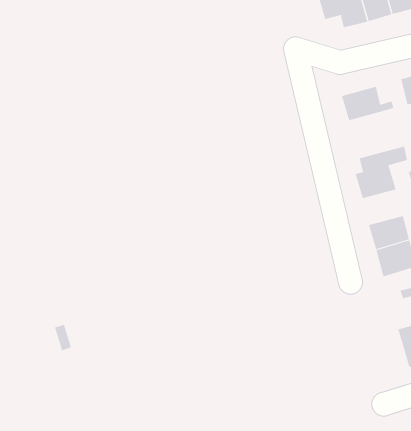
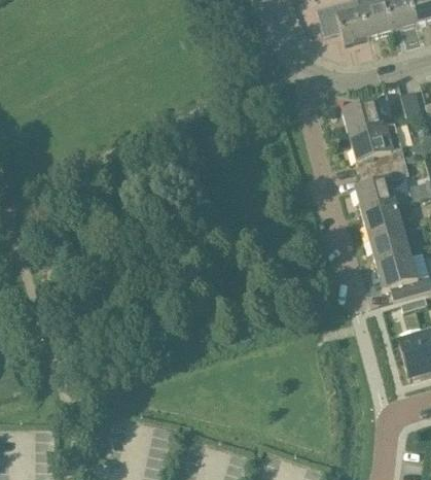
building: none -> [350,122,405,171]
building: none -> [363,202,404,237]

